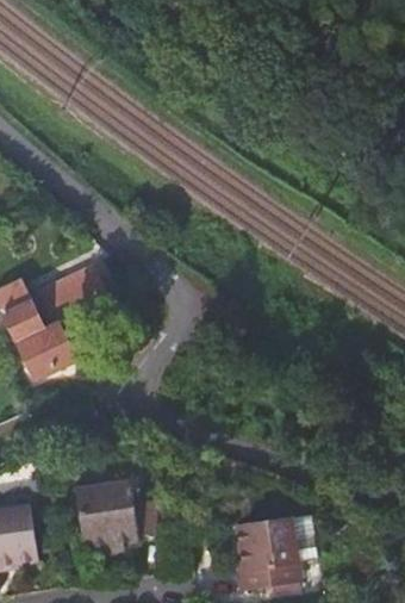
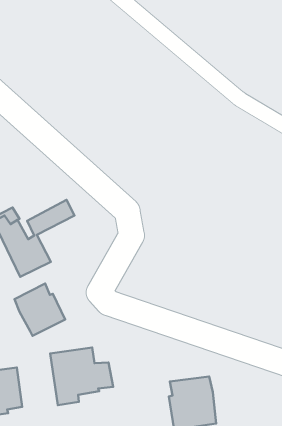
building: none -> [15,284,65,336]

